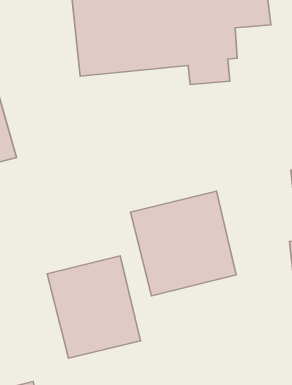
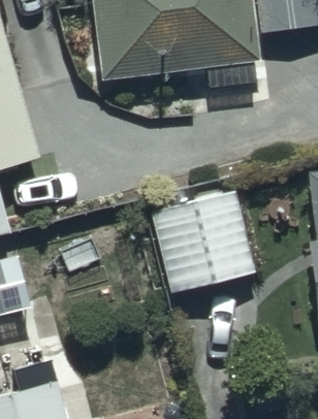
building: [47,256,140,358] -> none

